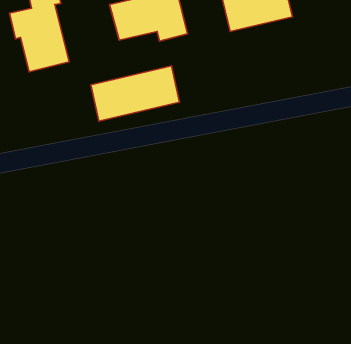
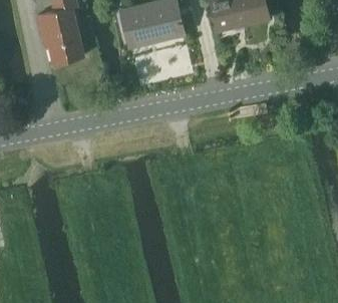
building: [91,66,180,121] -> none

